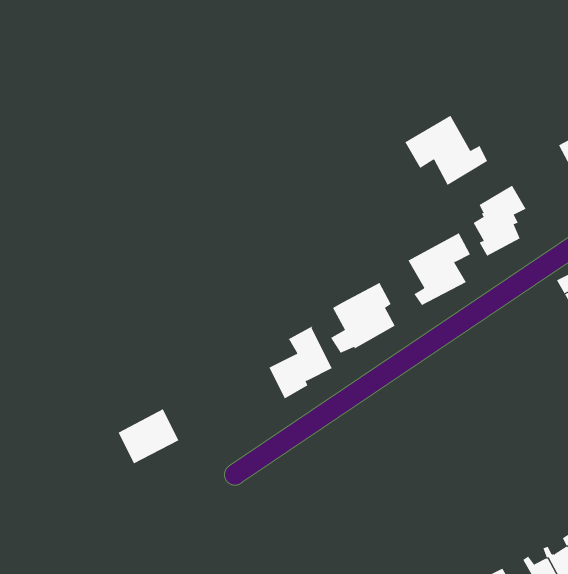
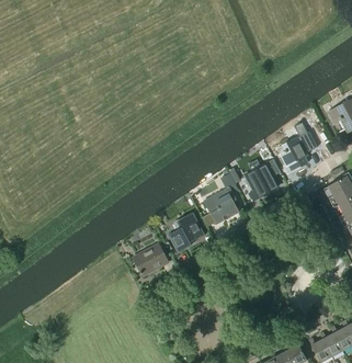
building: [404,115,488,186] -> none
building: [118,409,179,464] -> [133,243,167,274]

